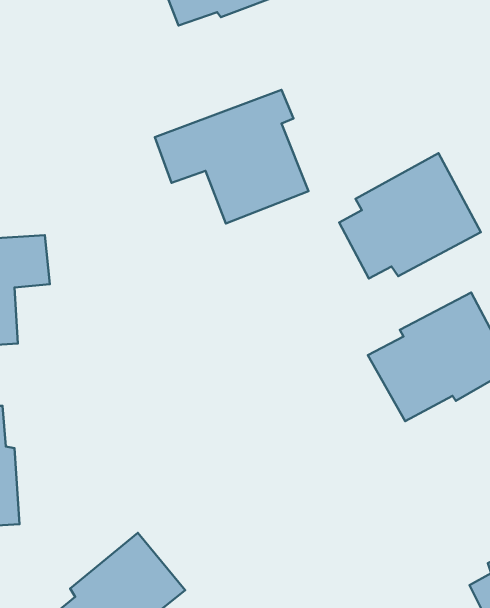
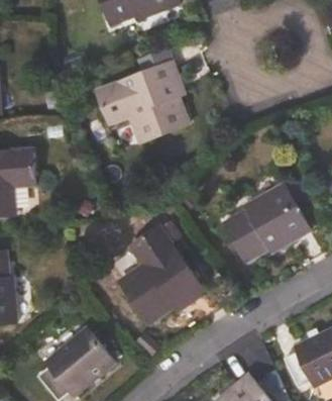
building: [339,153,481,279] -> none
building: none -> [120,226,205,324]

